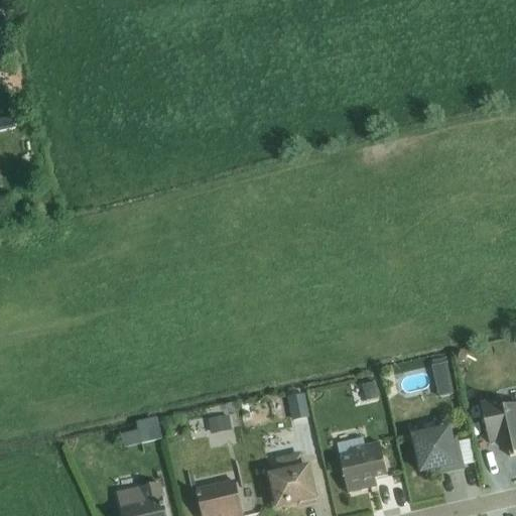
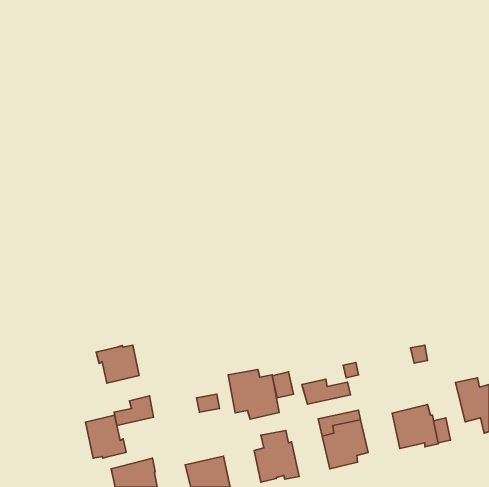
building: none -> [96,345,139,383]
building: none -> [228,370,279,419]
building: none -> [302,379,351,404]
building: none -> [86,415,126,458]

